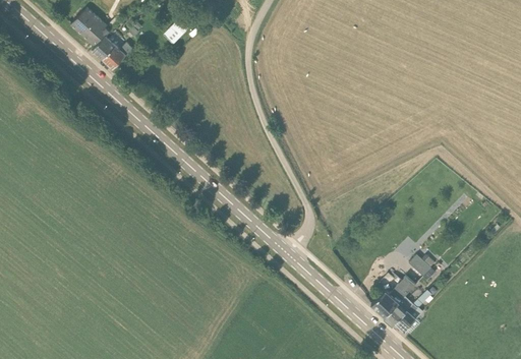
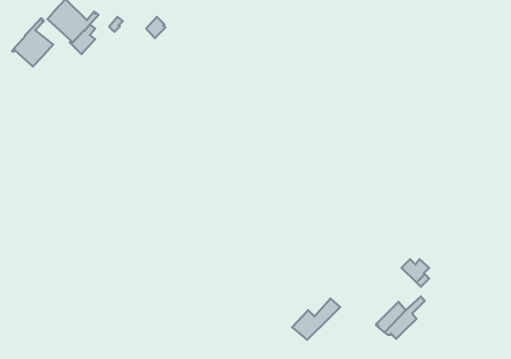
building: none -> [12,18,53,67]
building: [103,42,135,68] -> none
building: [370,277,416,316] -> [292,299,340,340]

